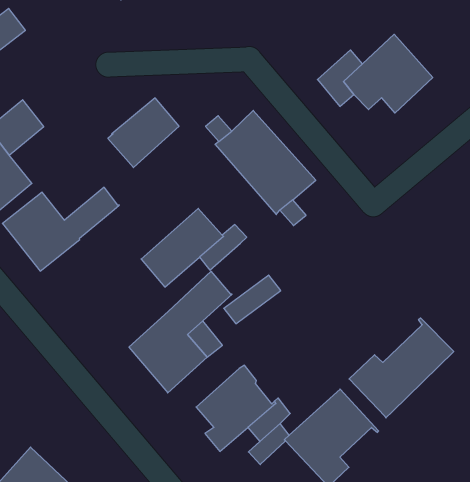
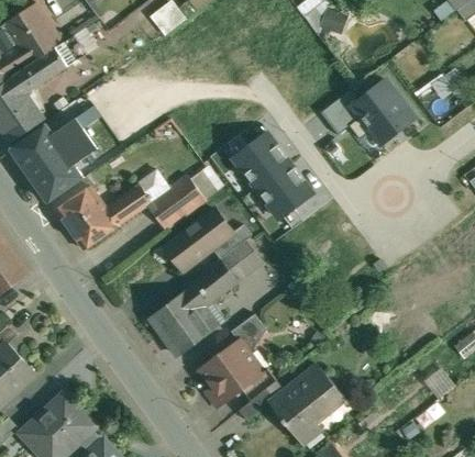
building: [108,98,179,168] -> [146,175,205,230]
building: none -> [220,239,262,280]
building: [349,318,454,418] -> none
building: none -> [230,313,265,352]

